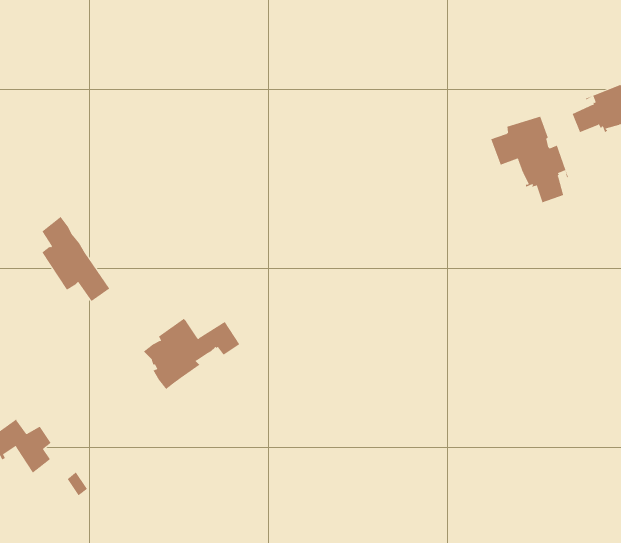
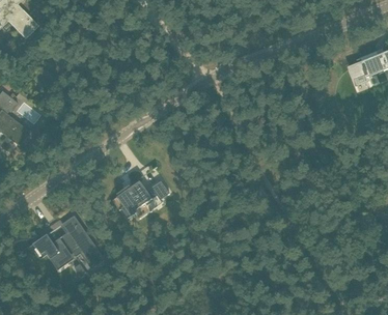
building: [490,116,568,203] -> none
building: [42,216,110,302] -> [62,217,100,263]

